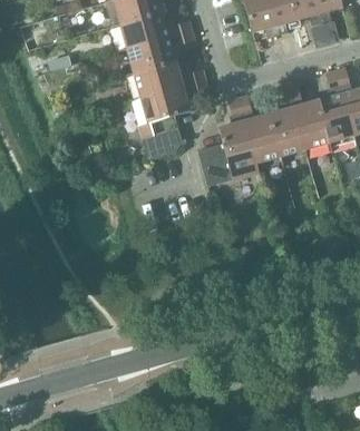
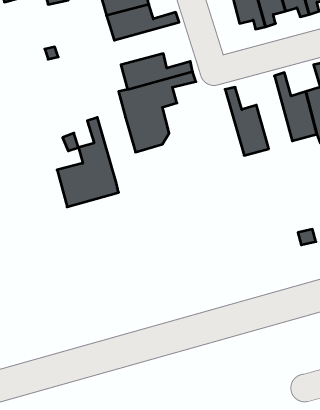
building: [127,31,194,74] -> none
building: [269,85,304,157] -> none
building: [197,98,259,187] -> [57,117,119,207]

